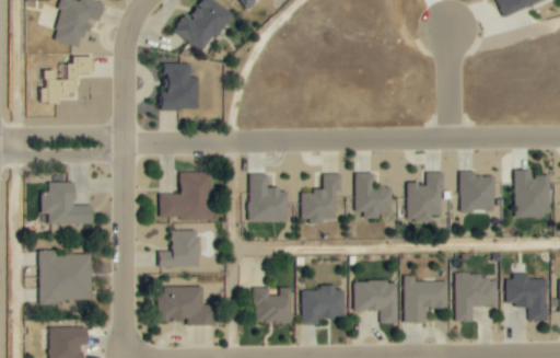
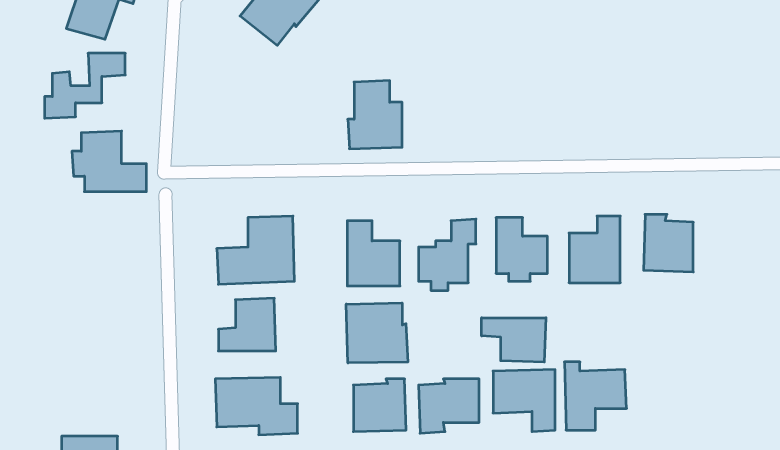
building: [161,62,199,111] -> [348,81,402,149]
building: [514,171,549,217] -> none
building: [40,182,93,224] -> [72,131,146,192]
building: none -> [346,303,408,363]
building: none -> [482,318,546,362]
building: [38,250,92,302] -> none
building: [454,275,497,322] -> none
building: [505,275,548,321] -> none

